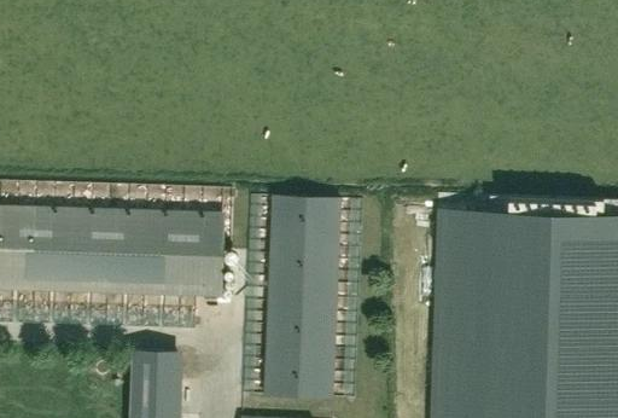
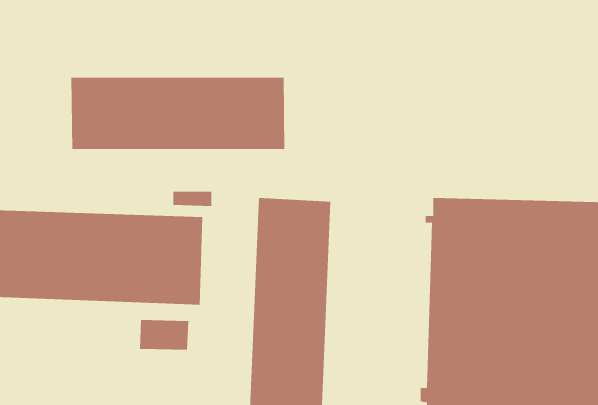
building: none -> [71,77,285,150]
building: [144,354,191,383] -> [139,320,189,350]

